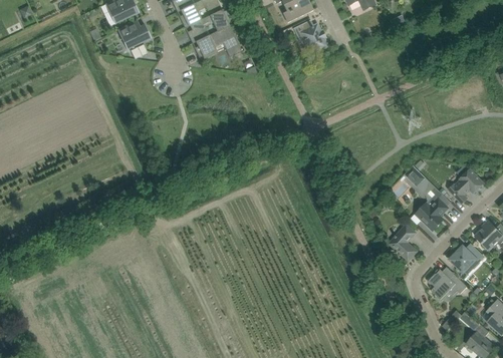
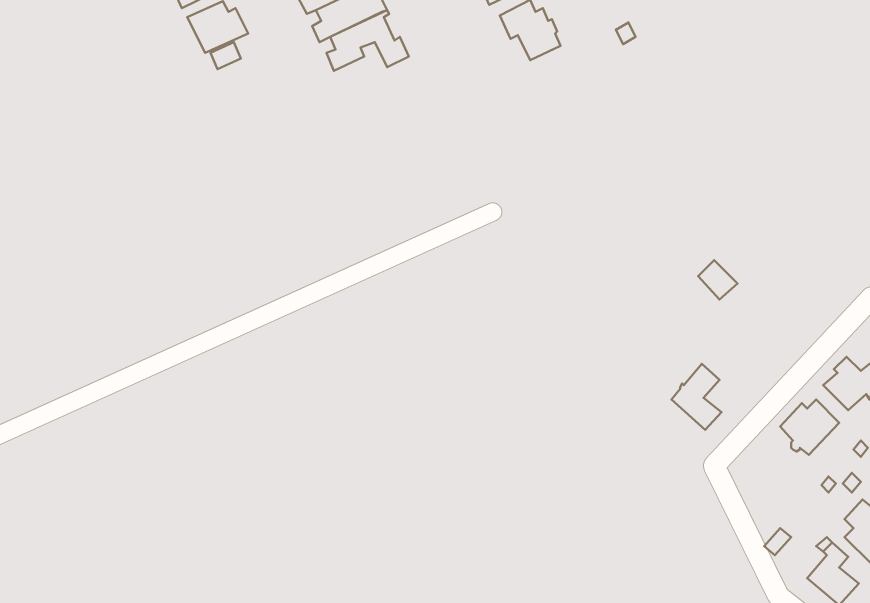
building: [448,168,483,204] -> none
building: [415,195,448,231] -> none
building: [427,267,467,301] -> none

